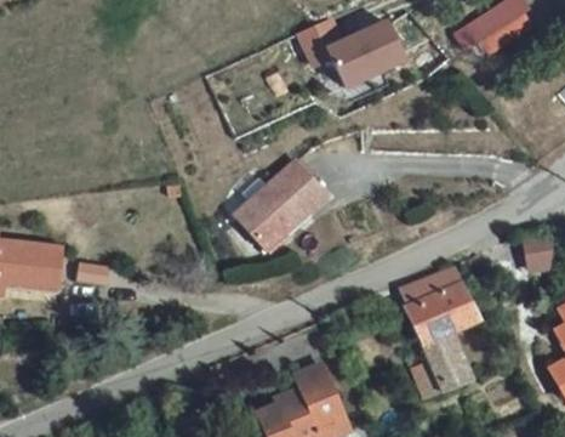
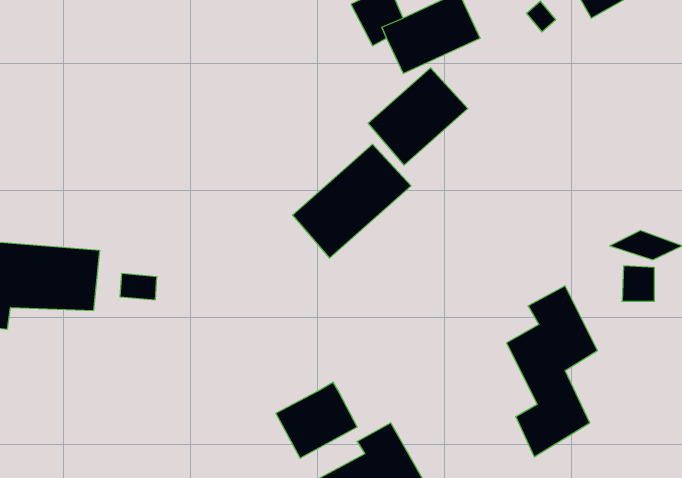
building: none -> [368,68,468,165]
building: none -> [276,382,357,458]

